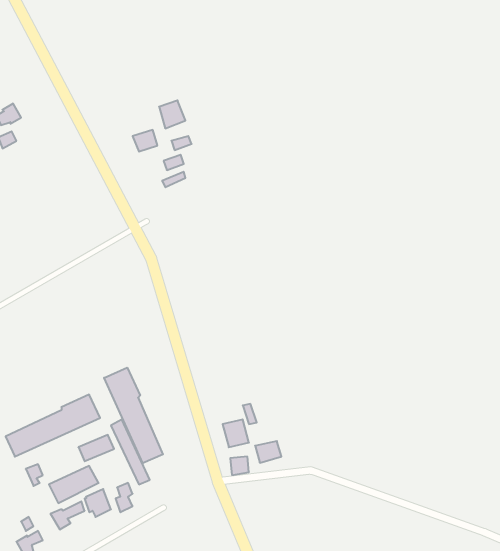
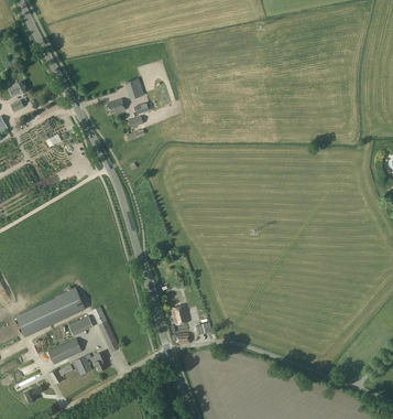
building: [104,368,163,463] -> none

